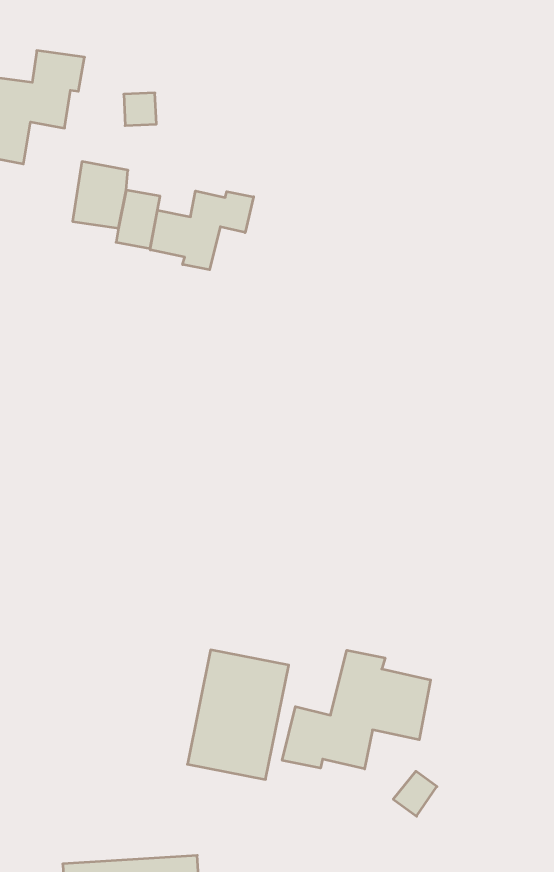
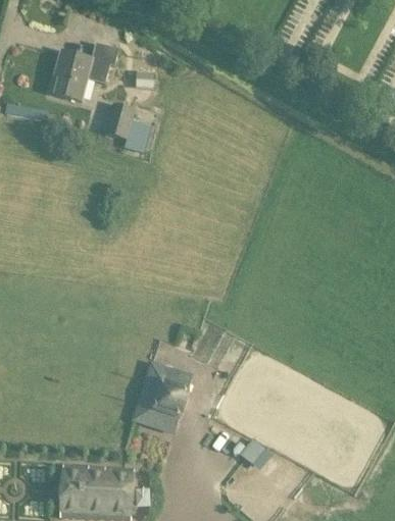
building: [150,191,254,270] -> none
building: [282,650,431,769] -> none

